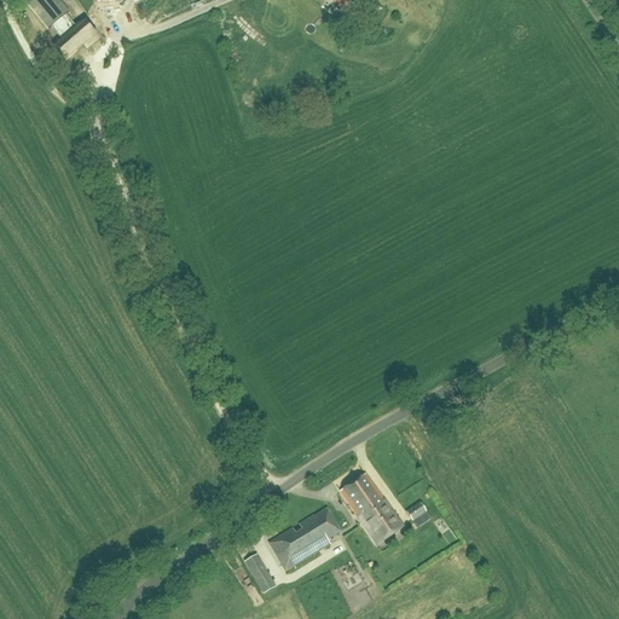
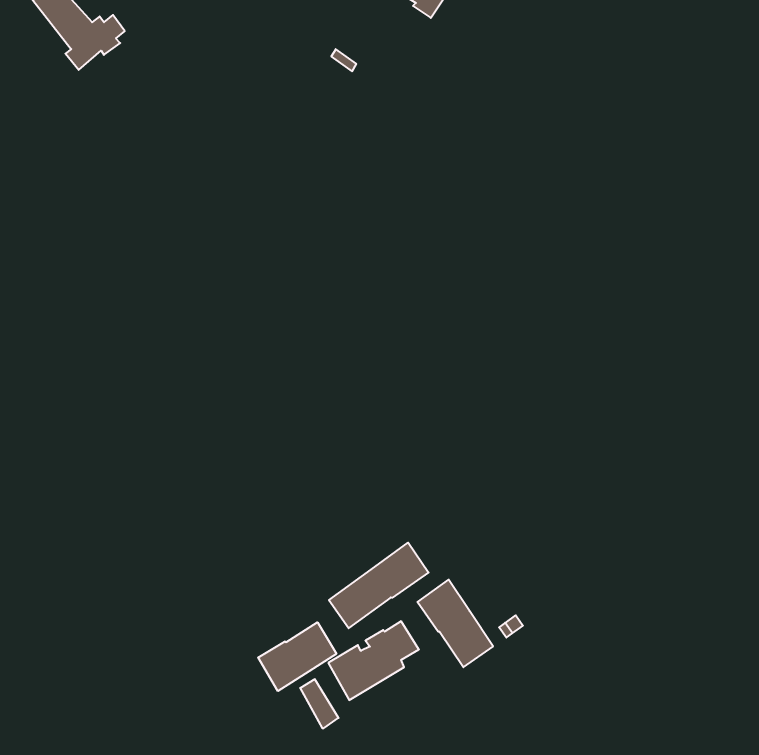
building: none -> [329,543,429,628]
building: none -> [258,622,336,691]

